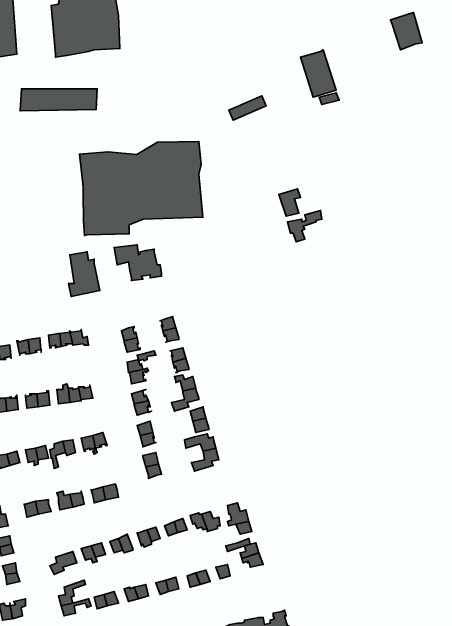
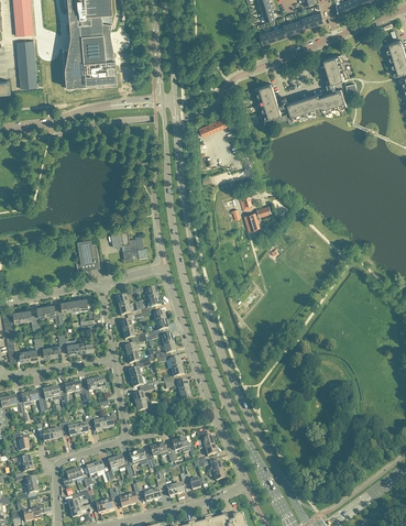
building: none -> [287,88,348,120]
building: [20,89,97,111] -> none
building: [80,141,203,235] -> none

